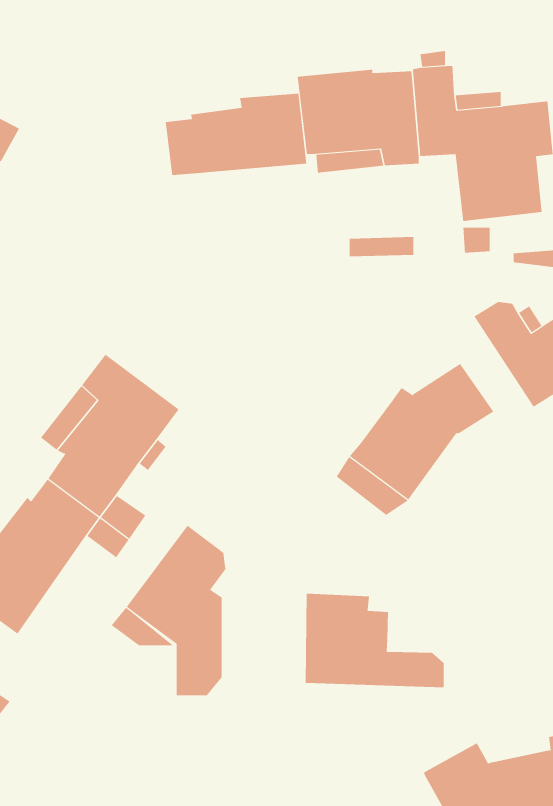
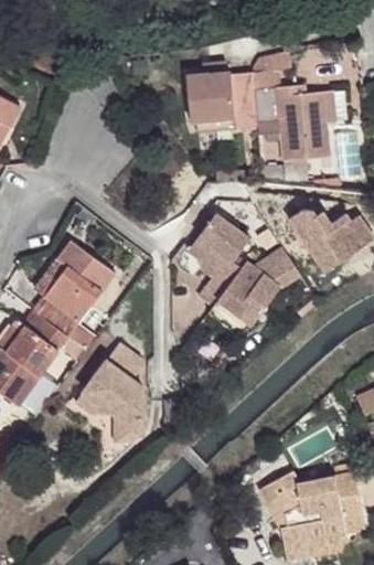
building: [165,93,307,176] -> none
building: none -> [186,211,250,292]
building: [305,593,444,688] -> none

